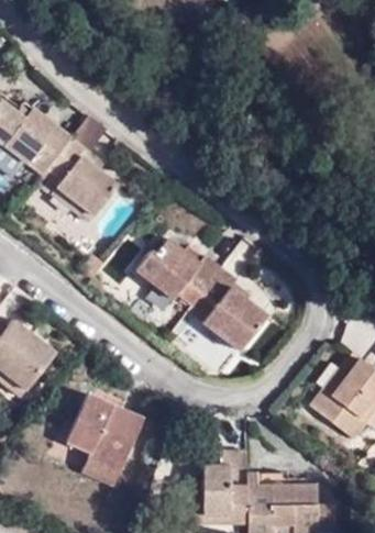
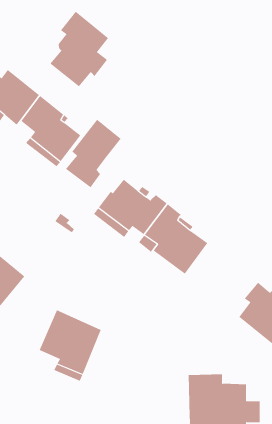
building: none -> [49,11,109,87]
building: none -> [65,119,122,188]
building: [179,449,249,522] -> none

